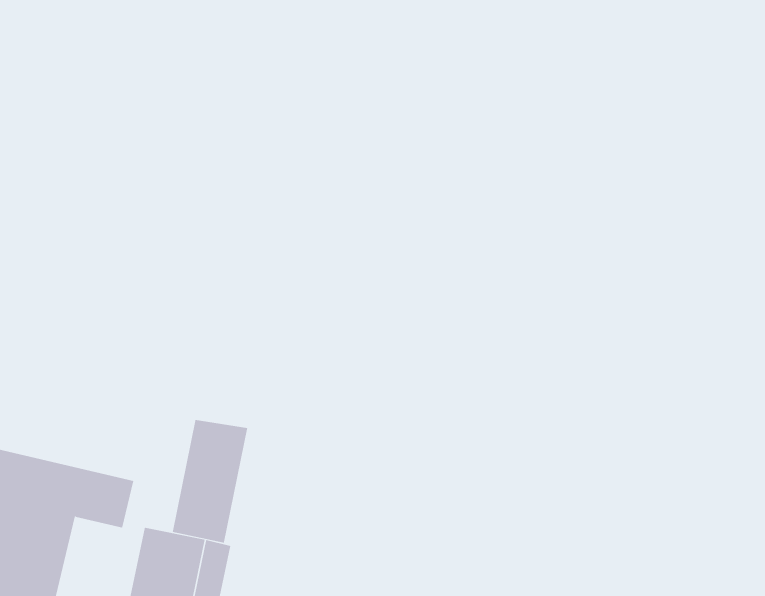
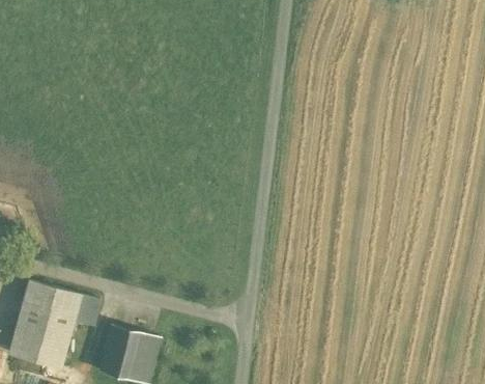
building: [172,419,248,543] -> none

